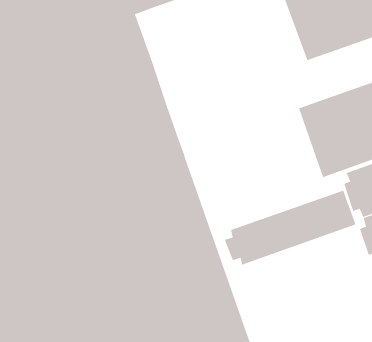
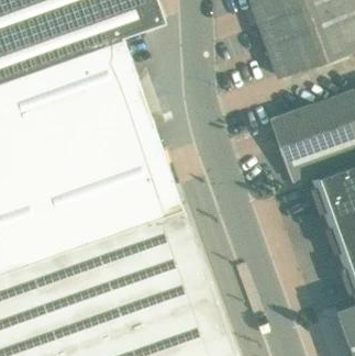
building: [224,190,356,265] -> none

